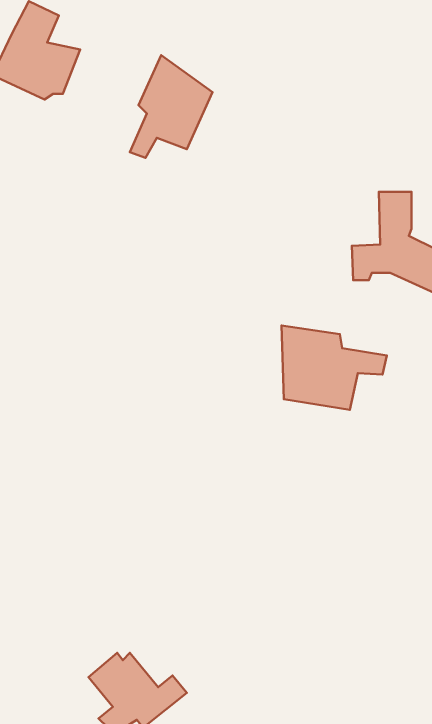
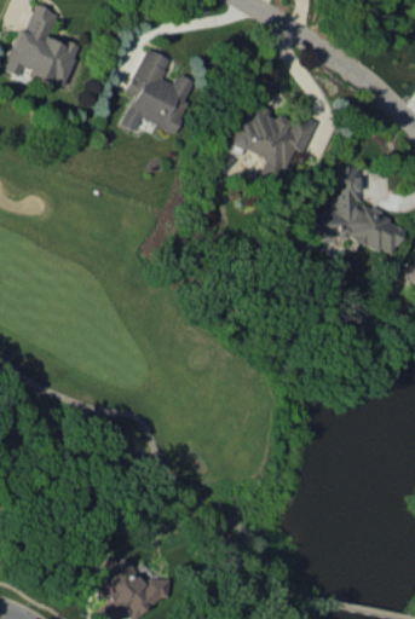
building: none -> [231,100,318,181]
building: [282,326,387,410] -> none

